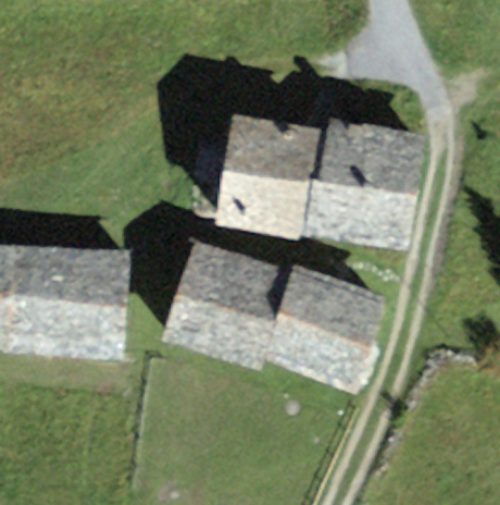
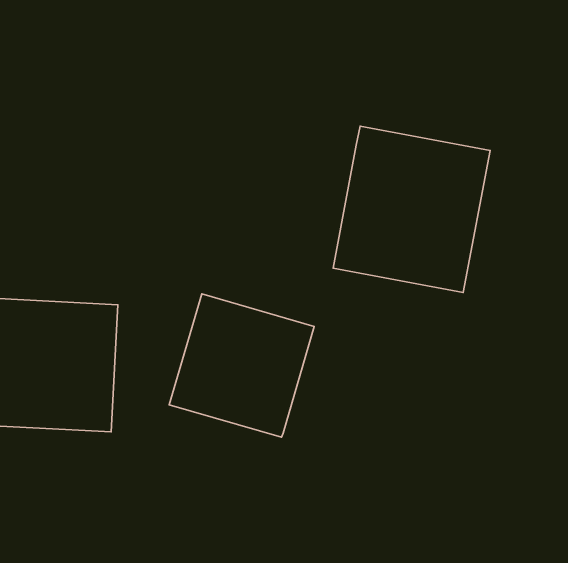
building: [211,112,318,236] -> none
building: [260,263,384,389] -> none

